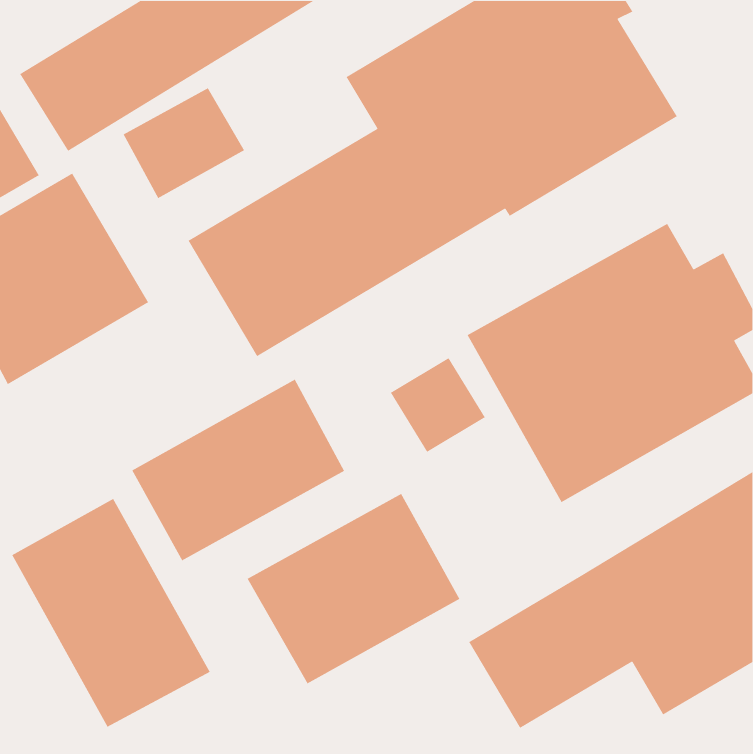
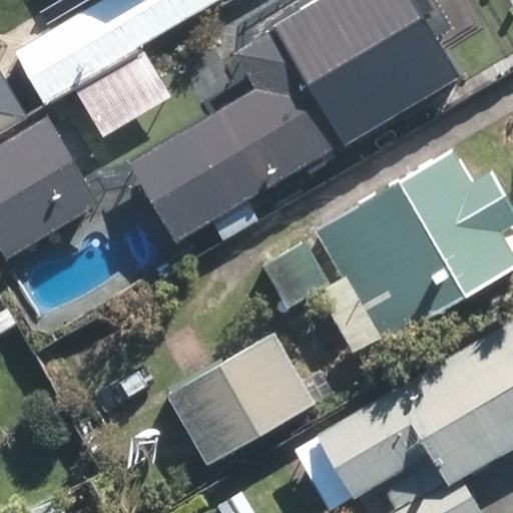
building: [131,379,345,561] -> none
building: [11,498,211,728] -> none

